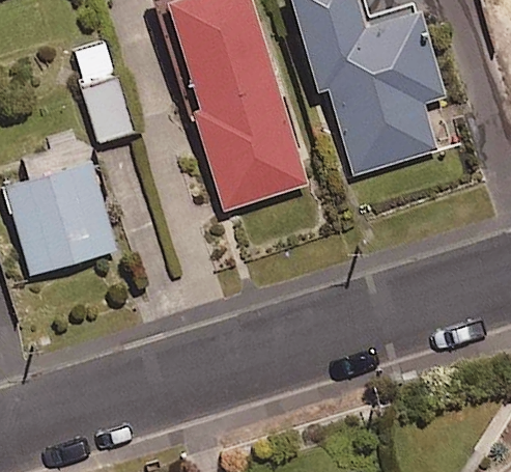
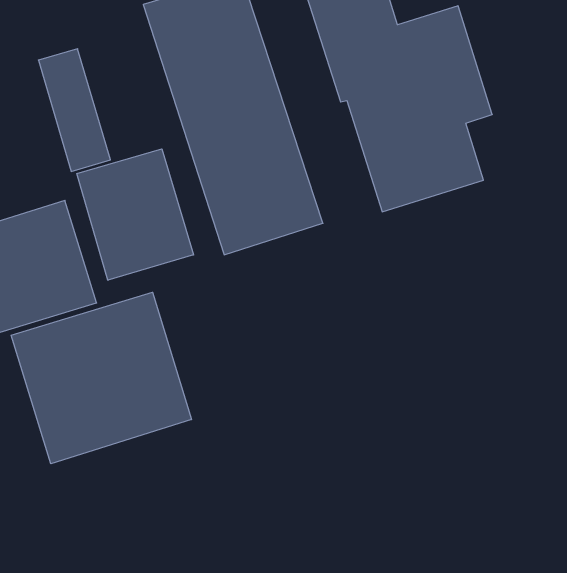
building: none -> [77,149,194,280]
building: none -> [11,292,191,464]

